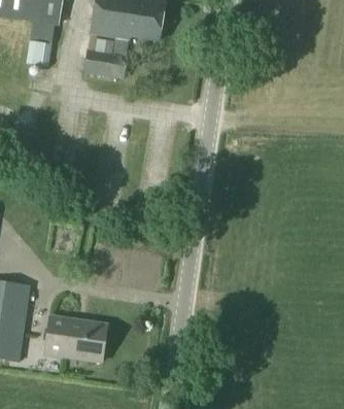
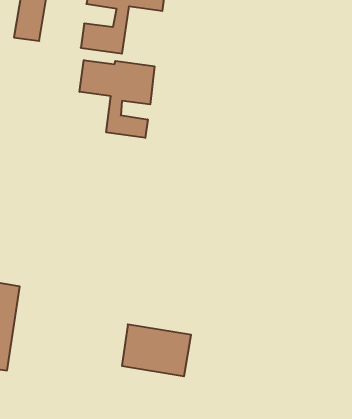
building: none -> [80,60,154,138]
building: [45,315,107,362] -> [122,324,191,376]

